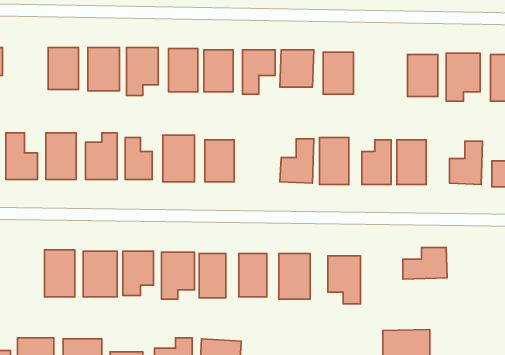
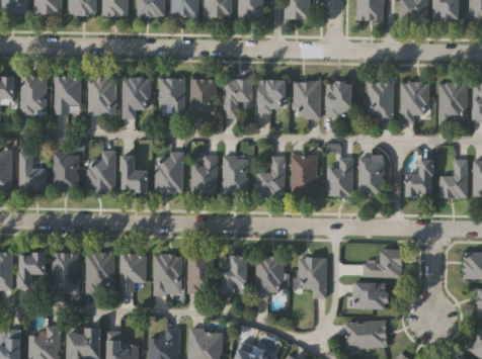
building: none -> [21,76,49,113]
building: none -> [324,81,349,116]
building: none -> [223,159,247,193]
building: none -> [21,253,48,288]
building: none -> [352,282,385,308]

